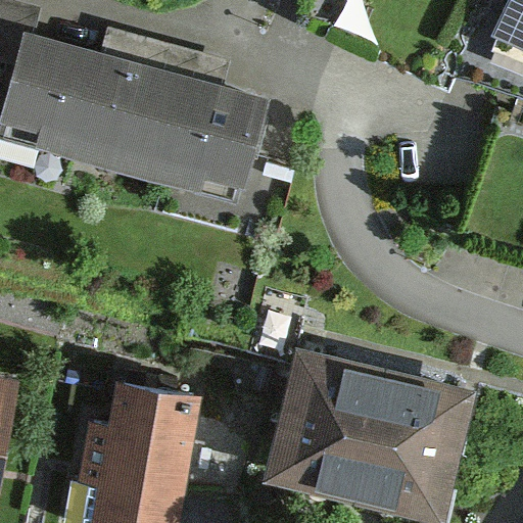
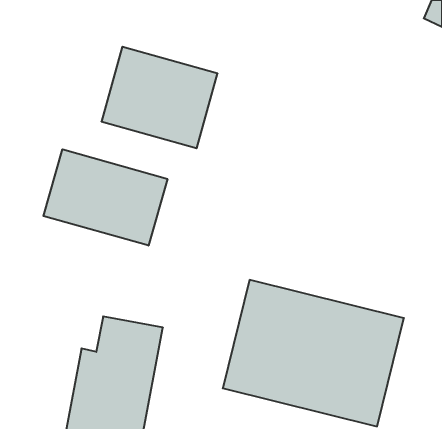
building: [7,40,144,159] -> none
building: none -> [43,149,167,246]

